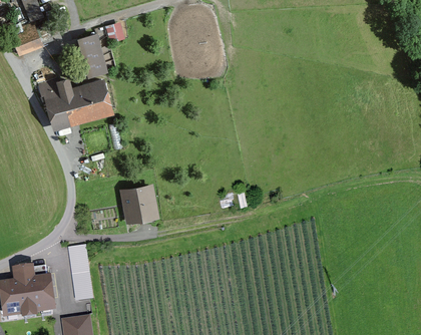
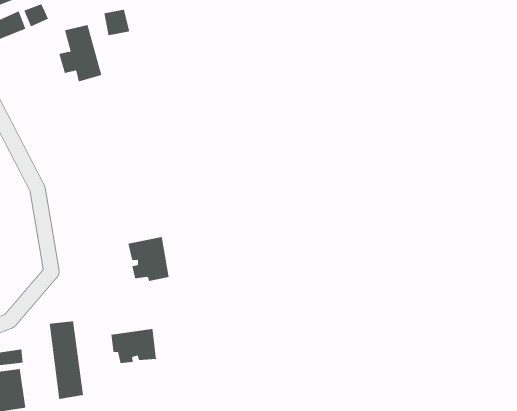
building: [39,78,109,123] -> none
building: none -> [111,328,156,364]

